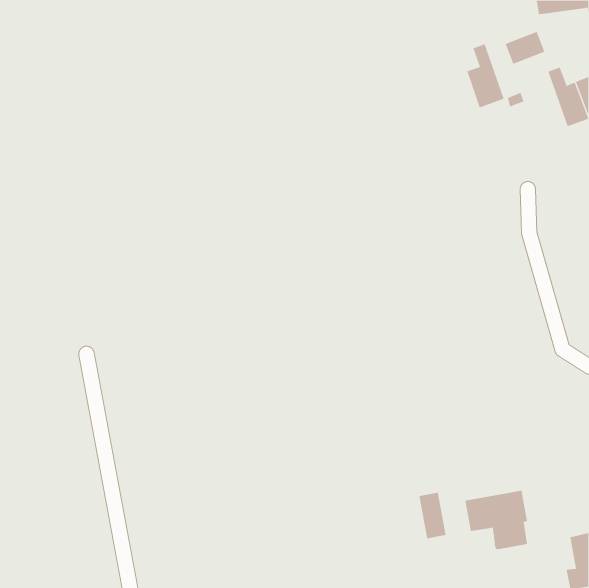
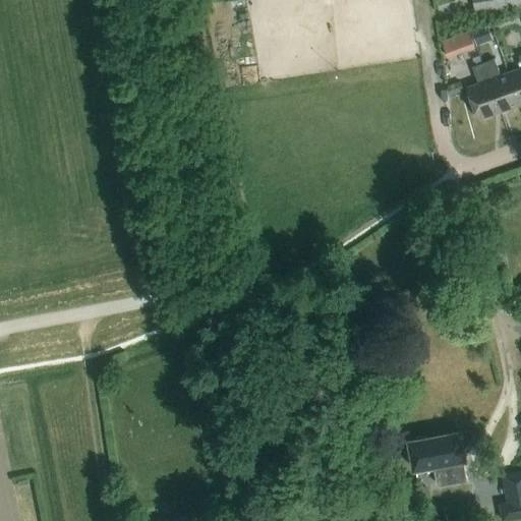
building: [467,44,505,108] -> [467,64,501,121]
building: [419,492,446,539] -> none

